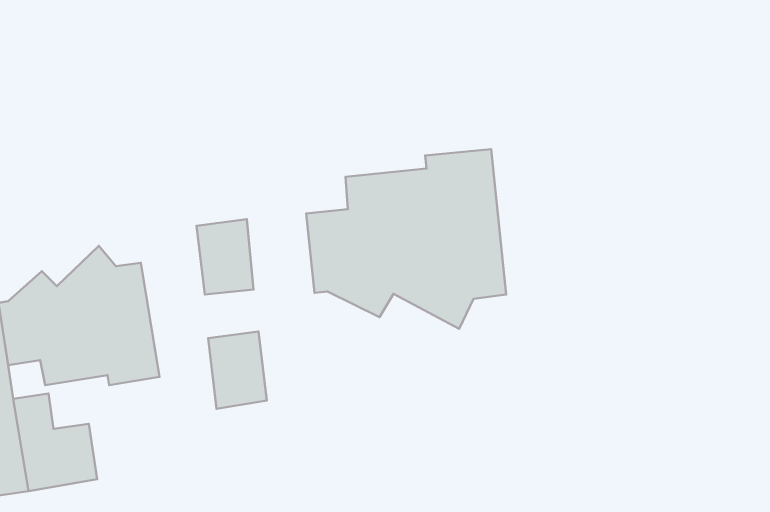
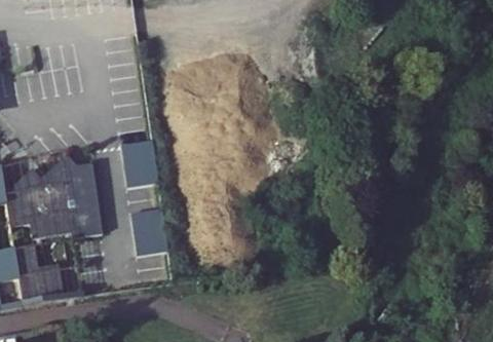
building: [306,149,506,329] -> none

